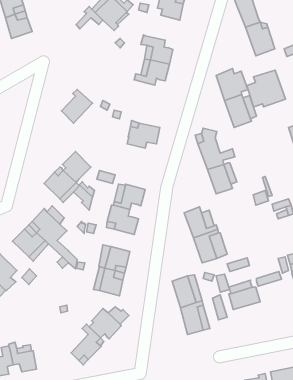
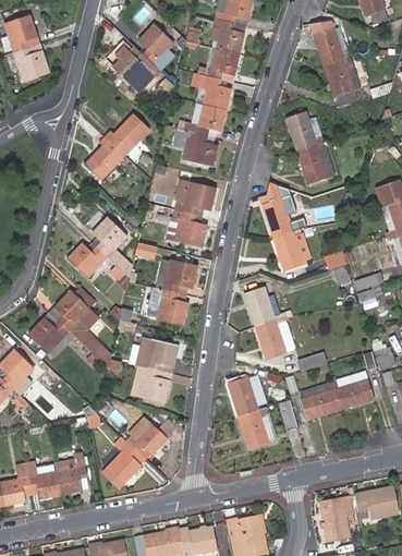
building: none -> [196,45,240,77]
building: none -> [113,49,158,83]
building: [247,70,286,107] -> none
building: none -> [110,118,153,157]
building: none -> [171,128,218,165]
building: none -> [165,208,206,245]
building: none -> [336,379,374,408]
building: none -> [53,454,86,493]

